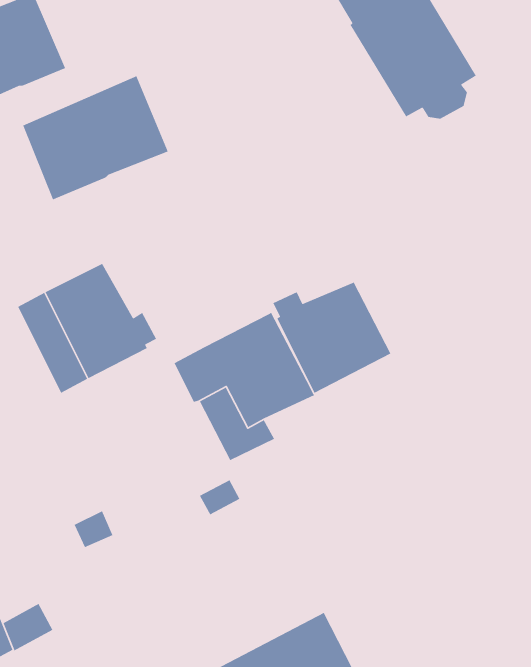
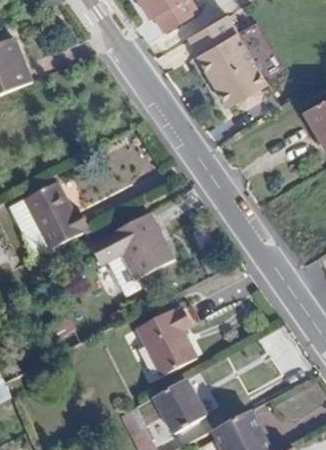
building: [22,75,169,200] -> none
building: [272,281,392,394] -> none
building: none -> [136,308,196,375]

